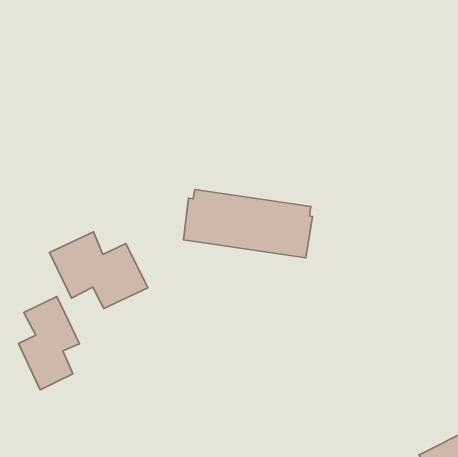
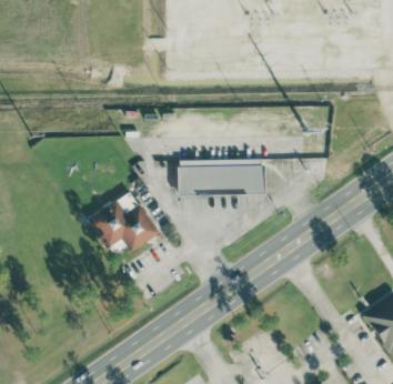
building: [19,296,79,390] -> none

